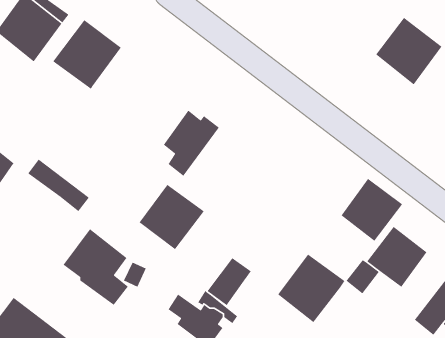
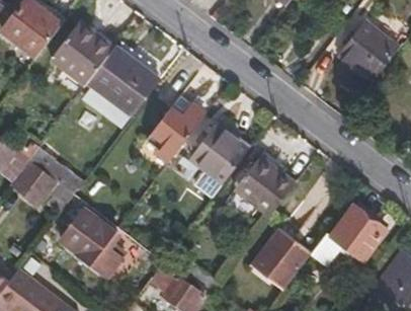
building: none -> [88,46,160,116]
building: none -> [11,159,59,206]
building: [340,178,403,242] -> [240,160,296,217]
building: [139,184,205,250] -> [191,124,250,182]
building: [207,257,252,306] -> none

